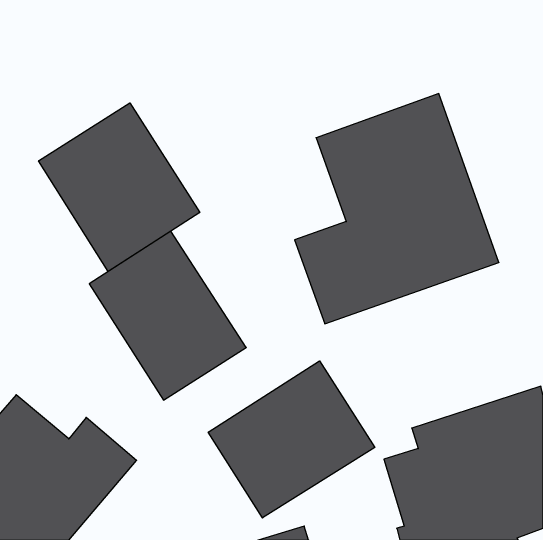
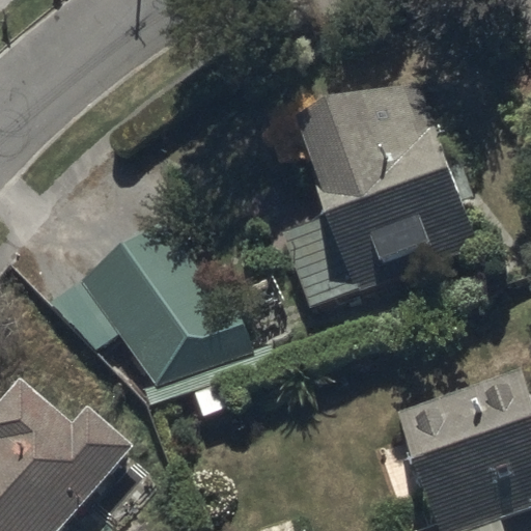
building: [39,103,200,271] -> none
building: [208,361,375,518] -> none

